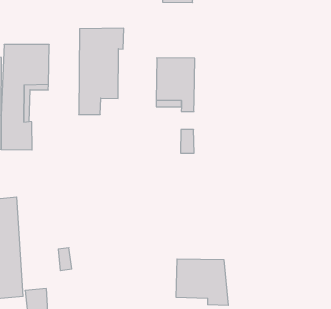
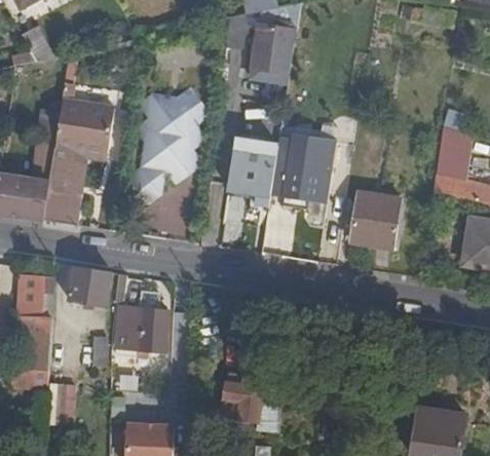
building: none -> [271,132,337,207]
building: none -> [351,191,402,246]
building: none -> [68,266,112,305]
building: none -> [117,306,168,351]

